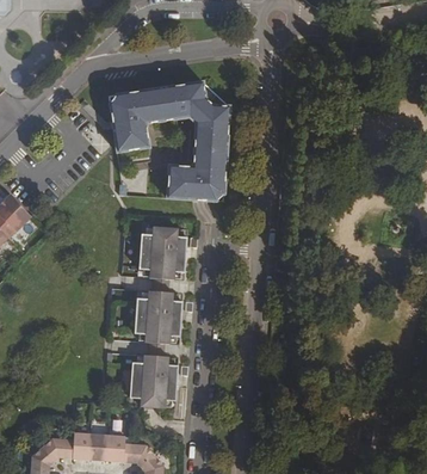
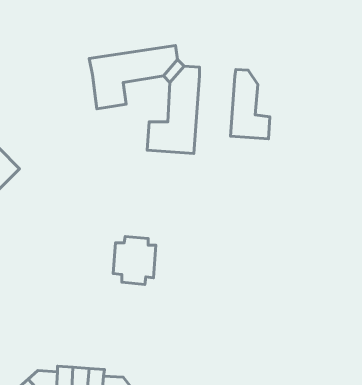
building: none -> [230,69,270,139]
building: [140,227,186,278] -> none
building: [130,356,178,408] -> none

